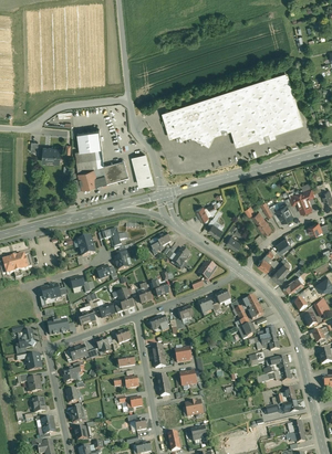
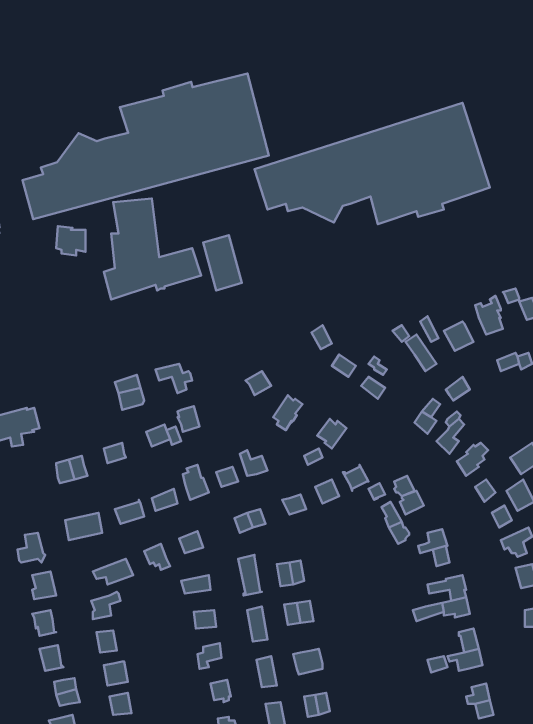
building: none -> [23,74,269,219]

